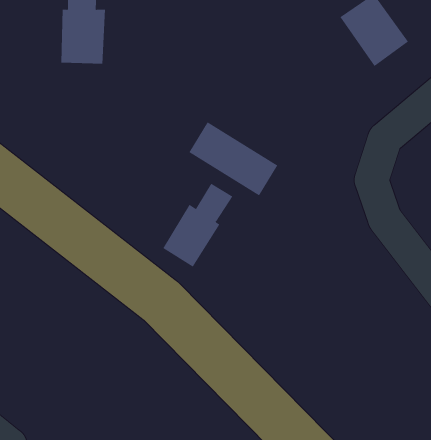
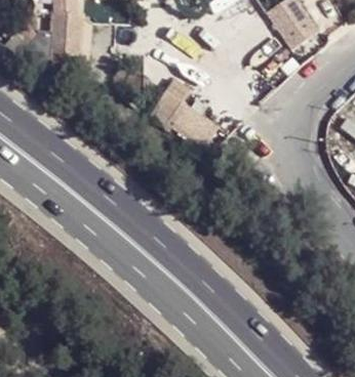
building: [162,183,233,268] -> none

